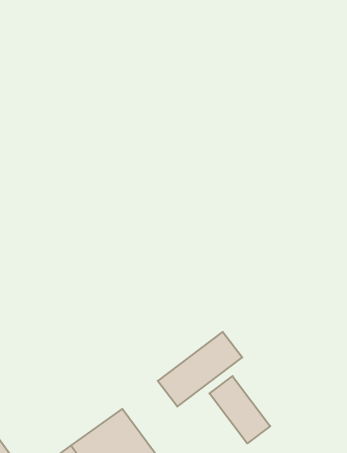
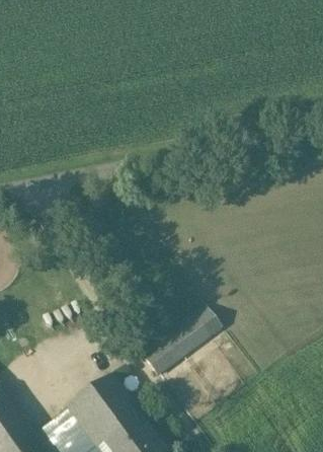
building: [209,376,270,443] -> none

